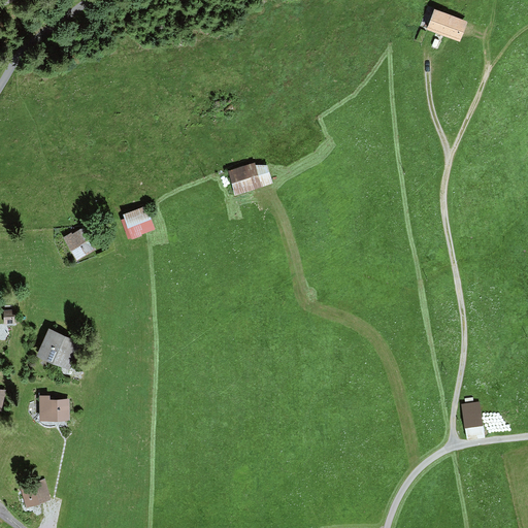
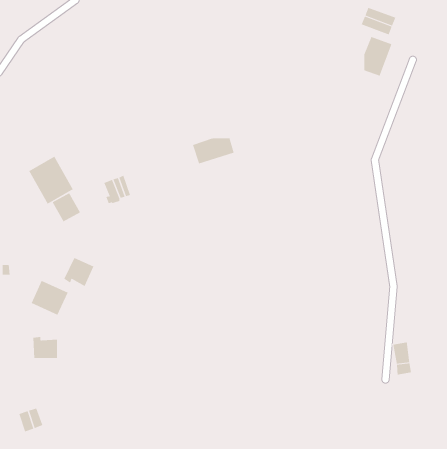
building: none -> [364,36,392,76]
building: none -> [29,156,73,205]
building: none -> [63,257,94,287]

